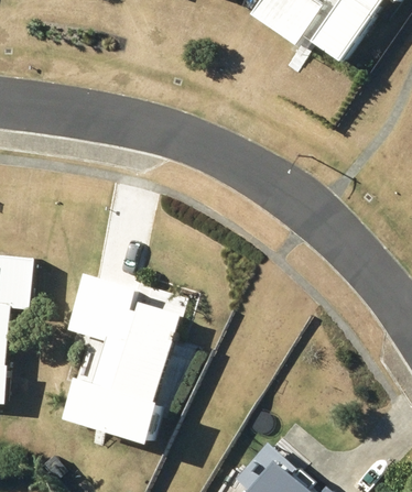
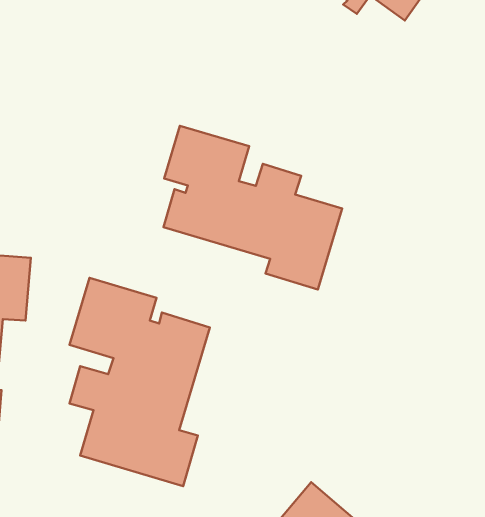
building: none -> [164,126,342,290]

